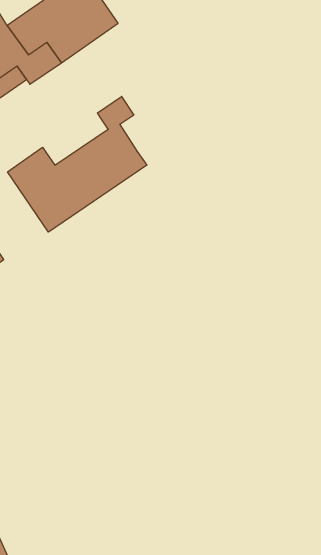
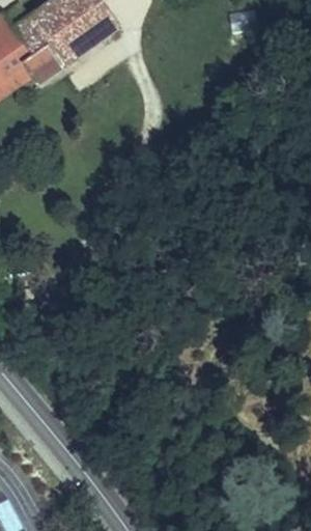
building: [8,96,147,232] -> none

